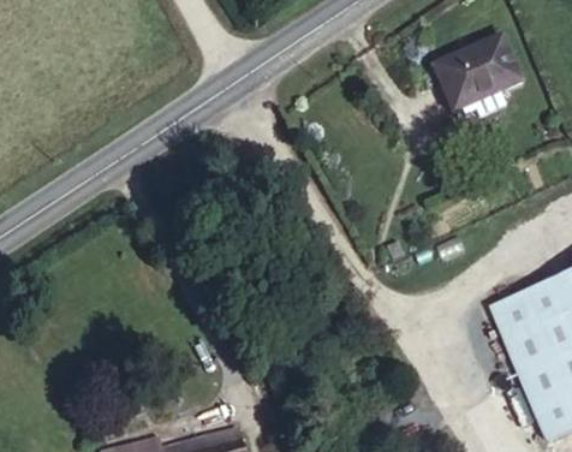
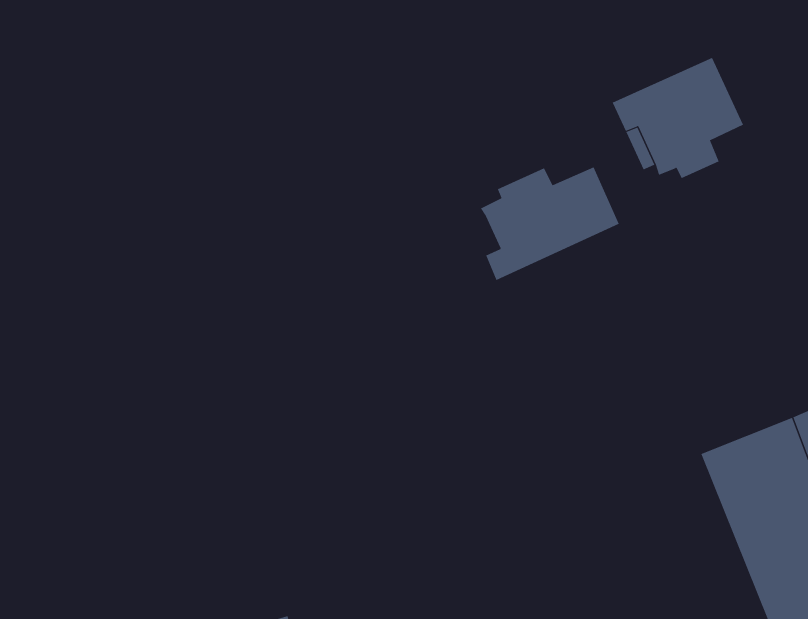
building: none -> [480,166,620,281]

